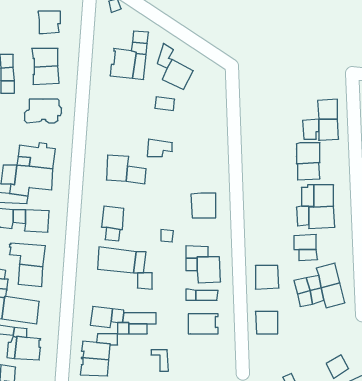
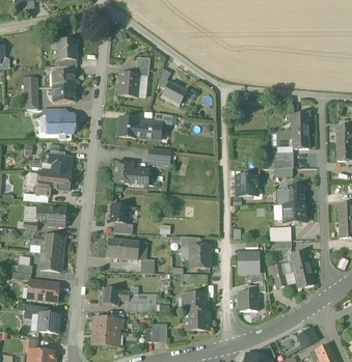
building: none -> [118,117,161,139]
building: [191,193,216,218] -> [236,174,256,195]
building: none -> [185,310,209,330]

